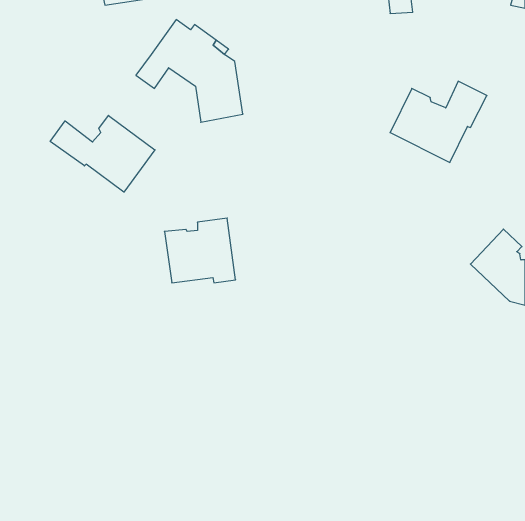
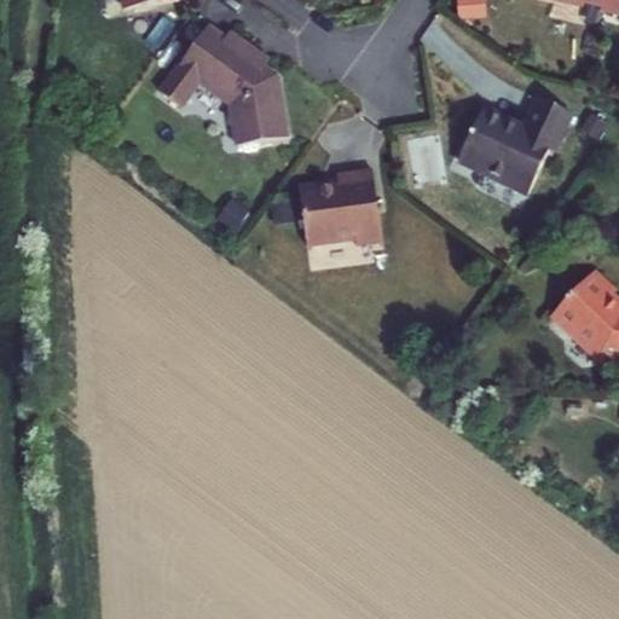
building: [50,115,155,192] -> none
building: [164,218,236,283] -> [297,167,381,243]

